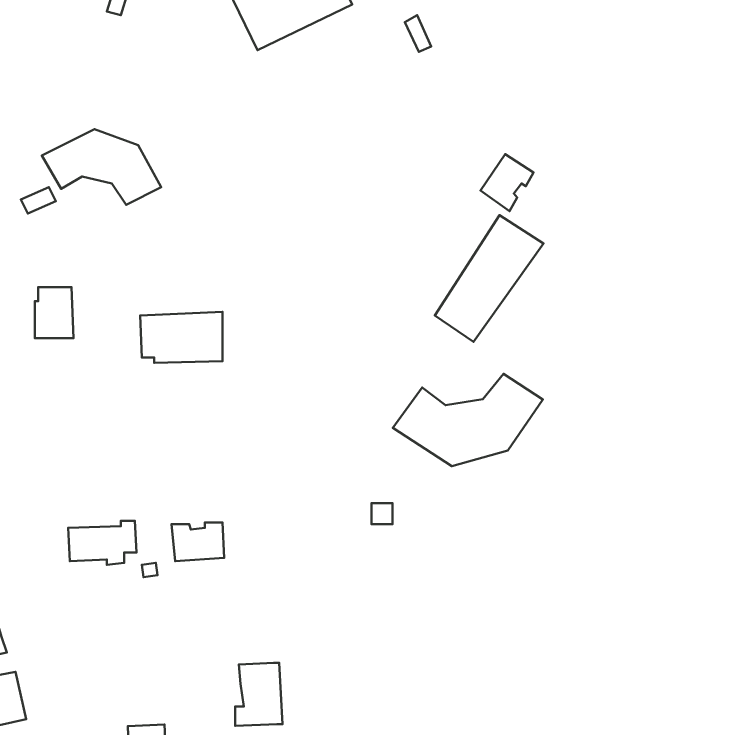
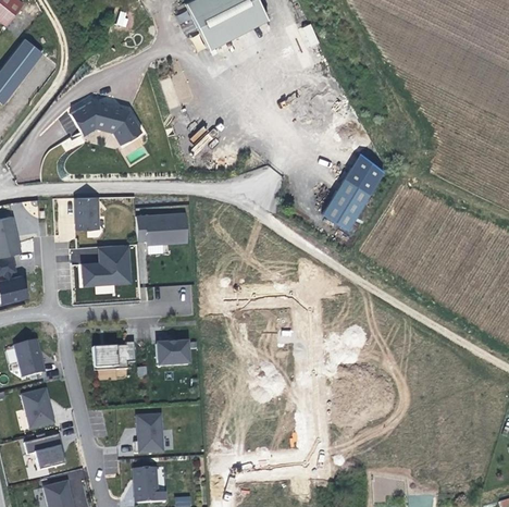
building: [481,154,534,211] -> none
building: none -> [87,247,136,284]
building: [393,374,543,466] -> none
building: [235,663,283,726] -> [131,413,160,453]

